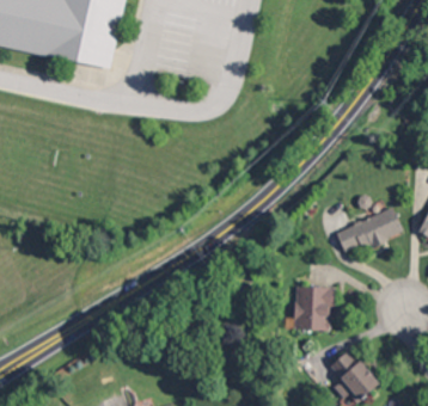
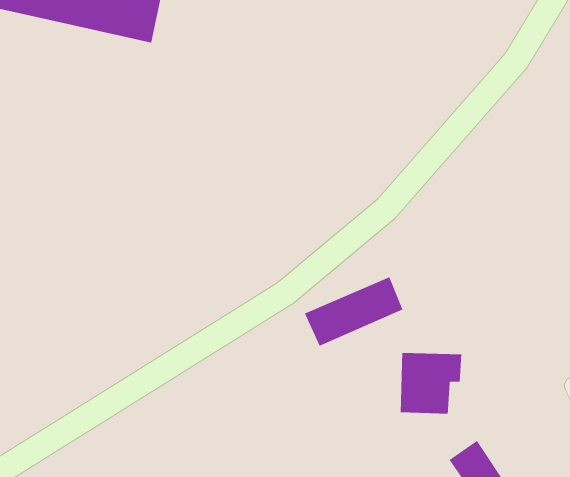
building: [330,207,401,257] -> [304,276,403,347]

